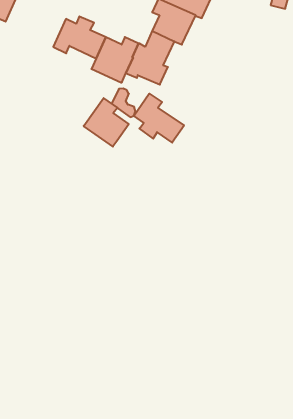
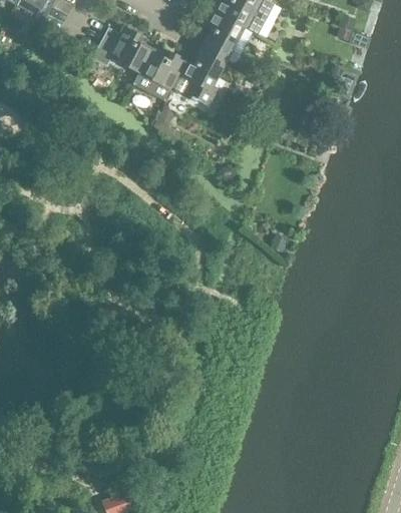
building: [134,94,184,143] -> none
building: [84,98,129,147] -> none

